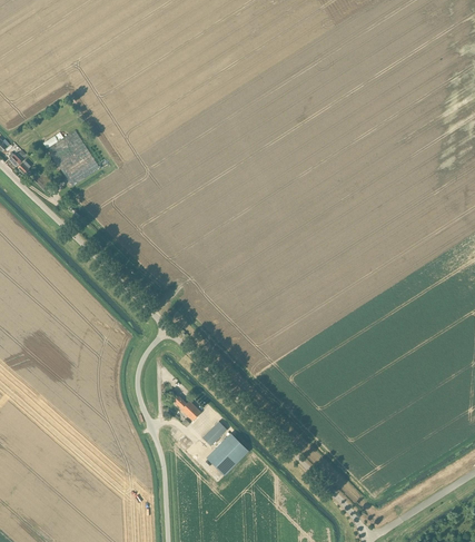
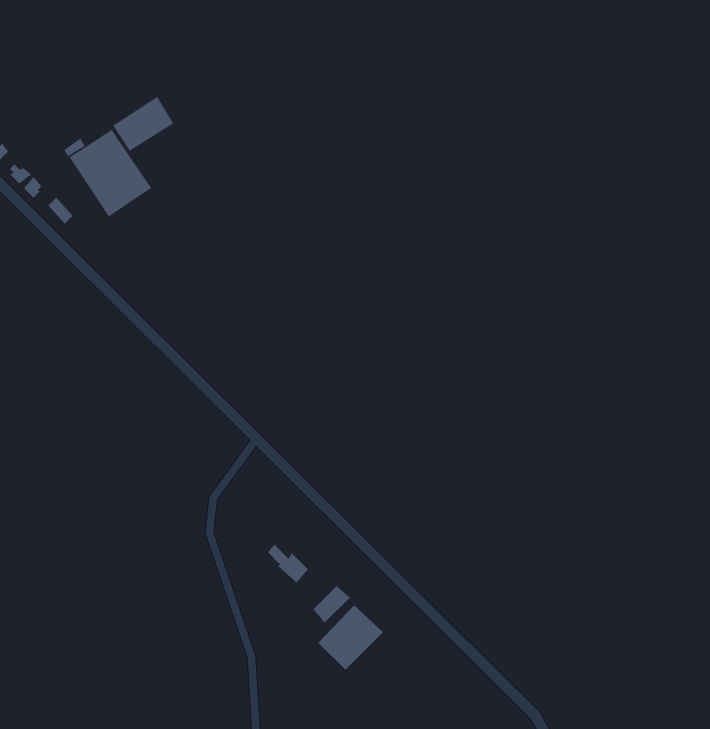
building: none -> [112,96,174,152]

